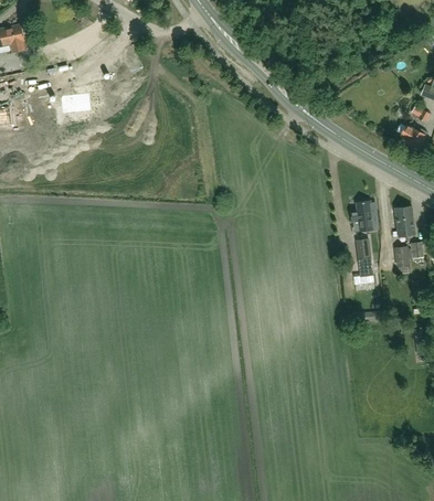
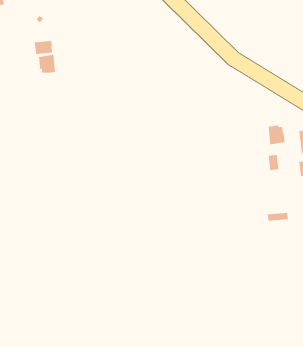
building: none -> [39,54,55,74]

